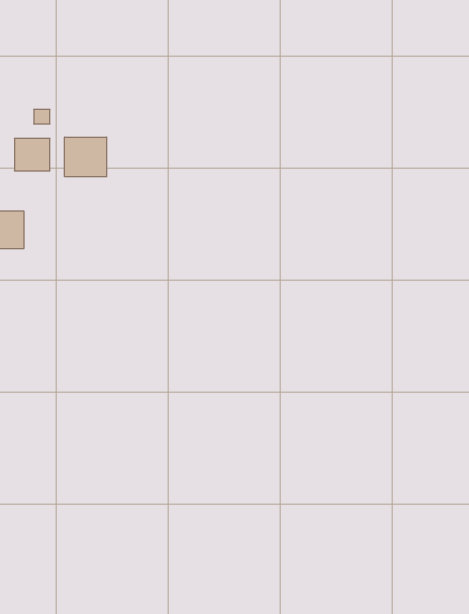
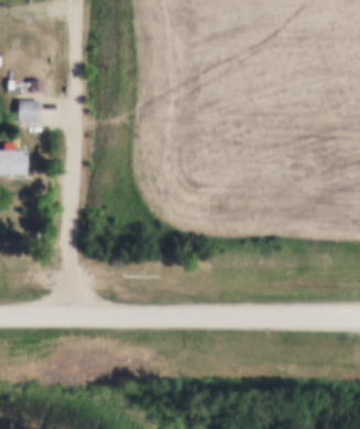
building: [65,137,107,177] -> none

